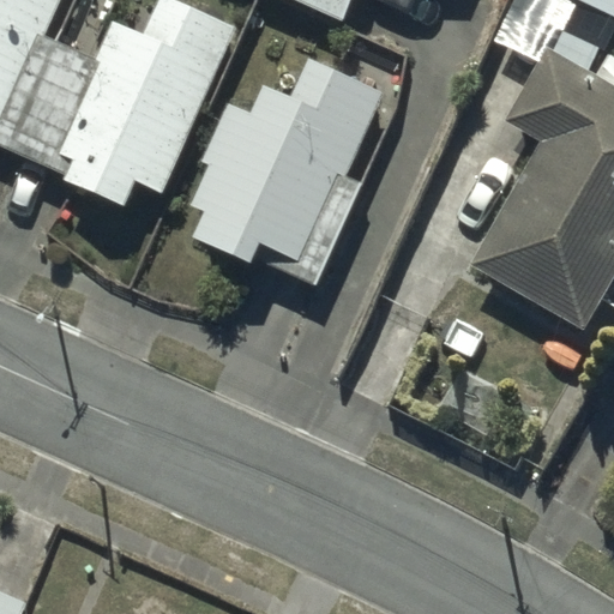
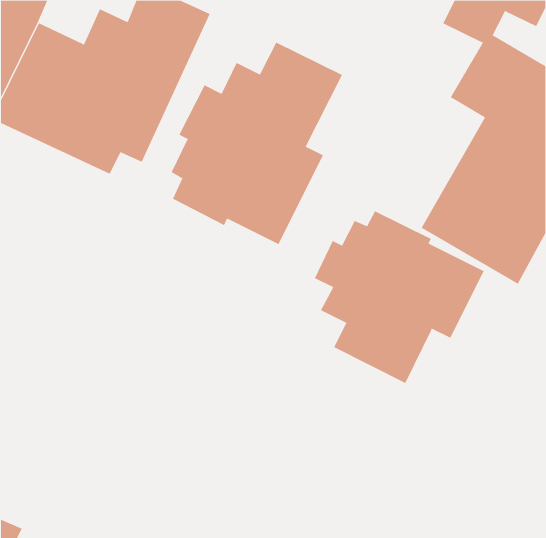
building: none -> [314,210,484,384]

